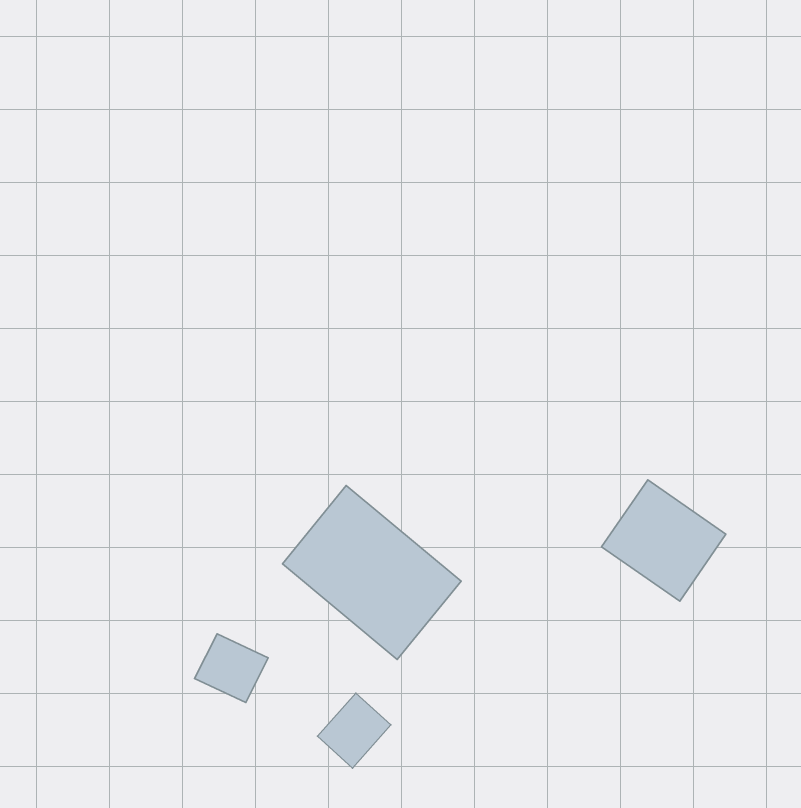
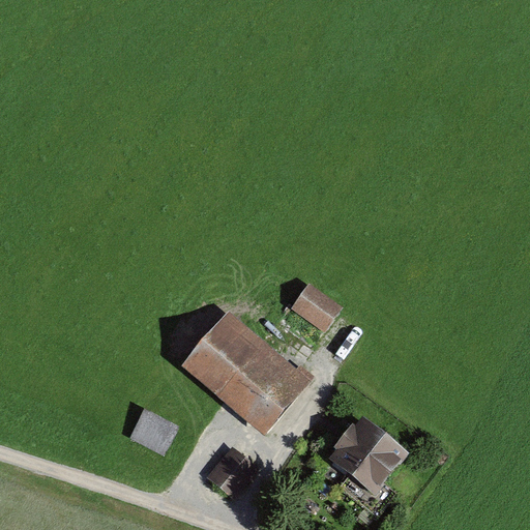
building: none -> [292,285,338,329]
building: [602,480,726,601] -> [331,416,412,495]

